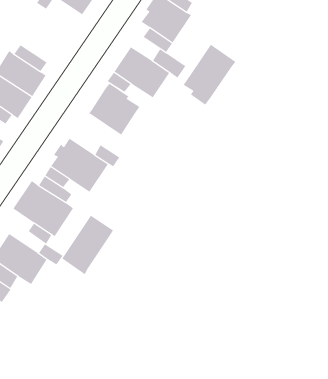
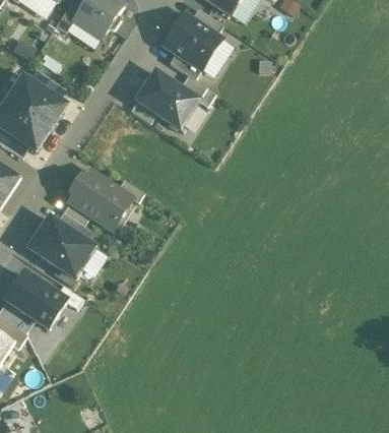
building: [183,44,236,105] -> none
building: [88,83,140,135] -> none
building: [61,215,114,275] -> none

